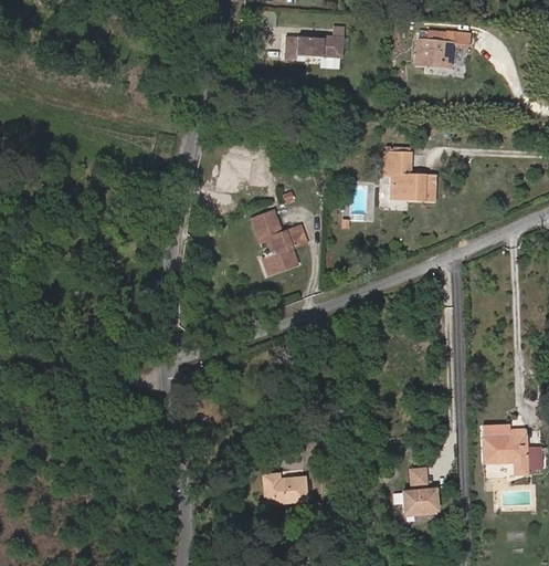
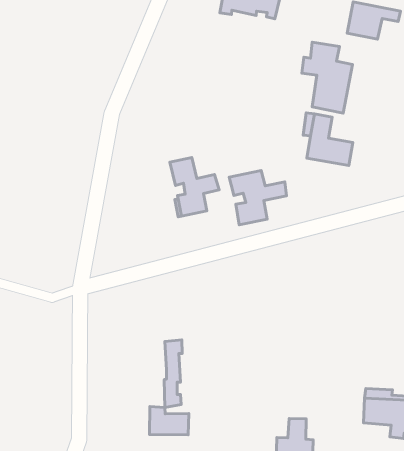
building: none -> [302,42,353,113]
building: none -> [229,170,286,225]
building: none -> [164,340,182,407]

